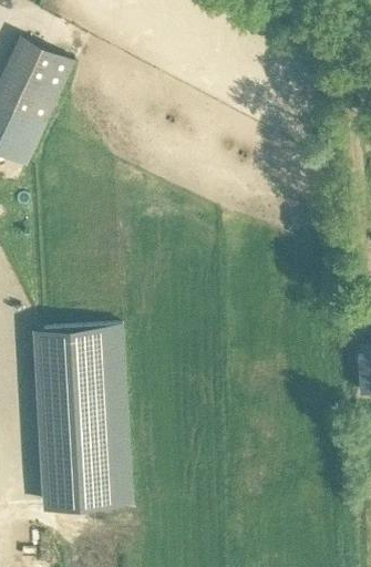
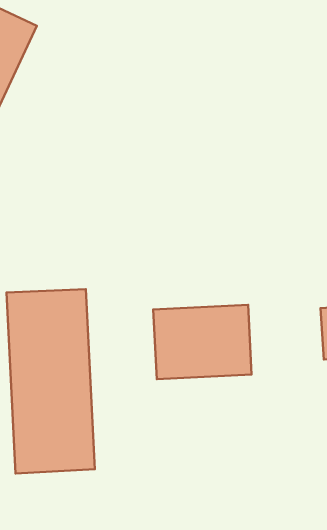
building: none -> [153,305,252,379]

